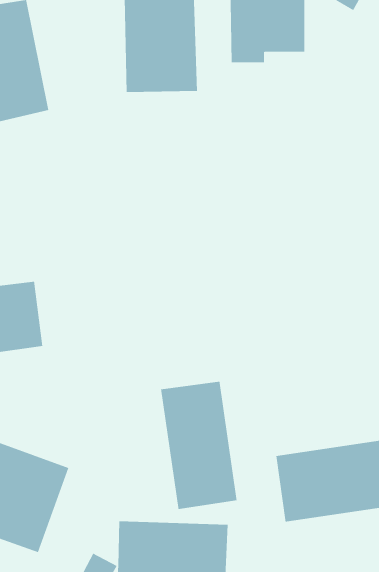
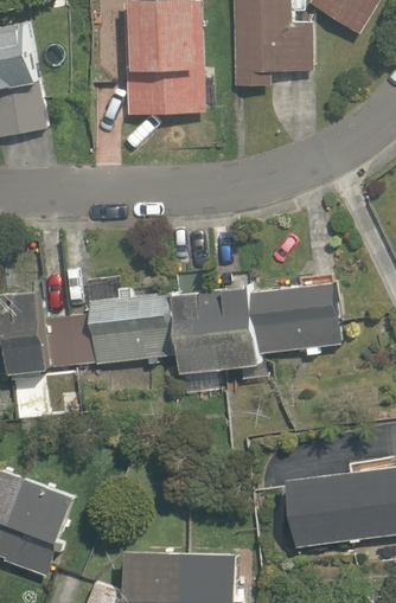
building: none -> [83,280,346,373]
building: [160,381,237,510] -> none

